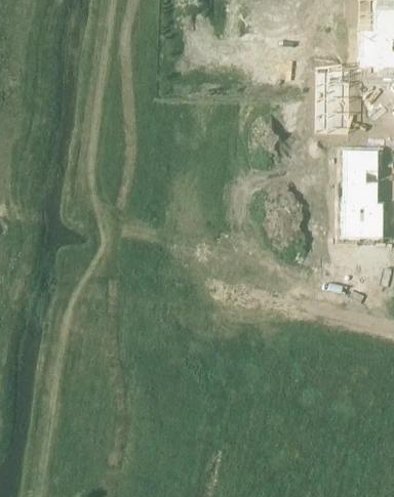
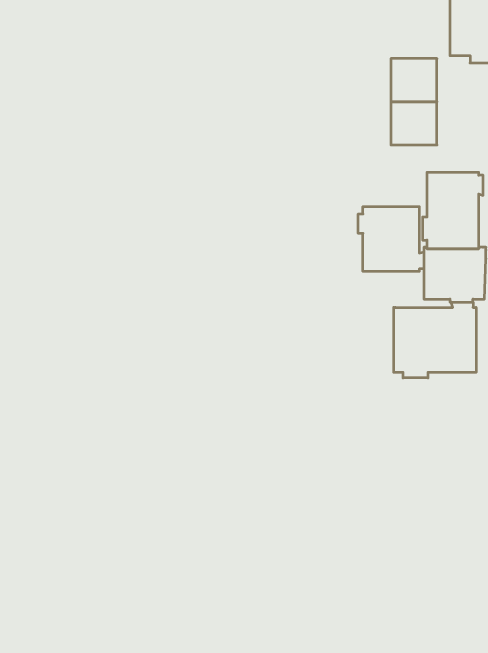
building: none -> [358,207,424,271]
building: none -> [394,302,476,378]

